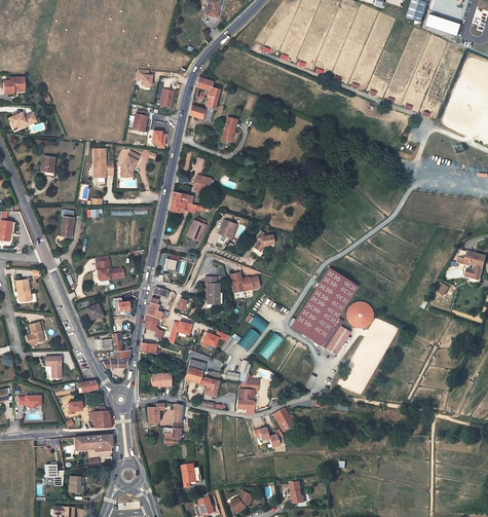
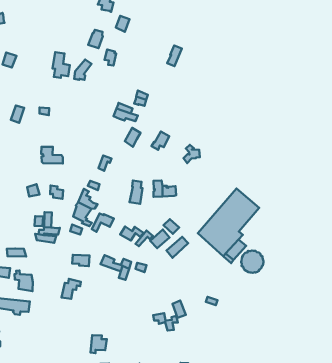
building: [192,78,221,120] -> none
building: [346,304,372,330] -> [241,250,264,273]
building: [236,380,258,416] -> none
building: [162,406,183,448] -> none

